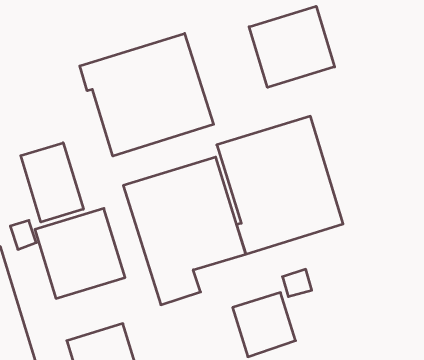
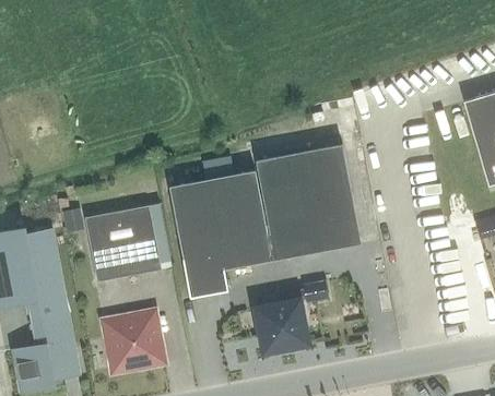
building: [249,6,335,87] -> none
building: [80,33,214,156] -> none
building: [21,143,83,222] -> none

